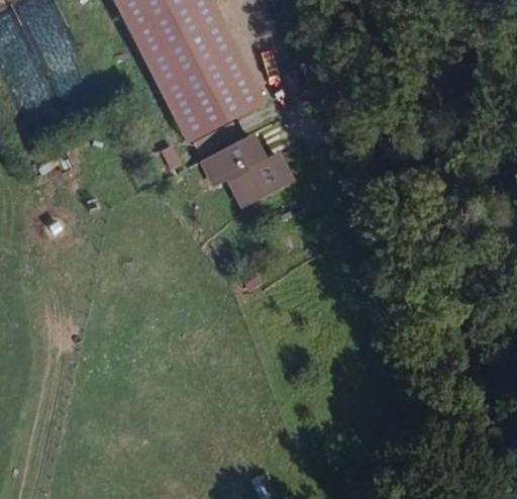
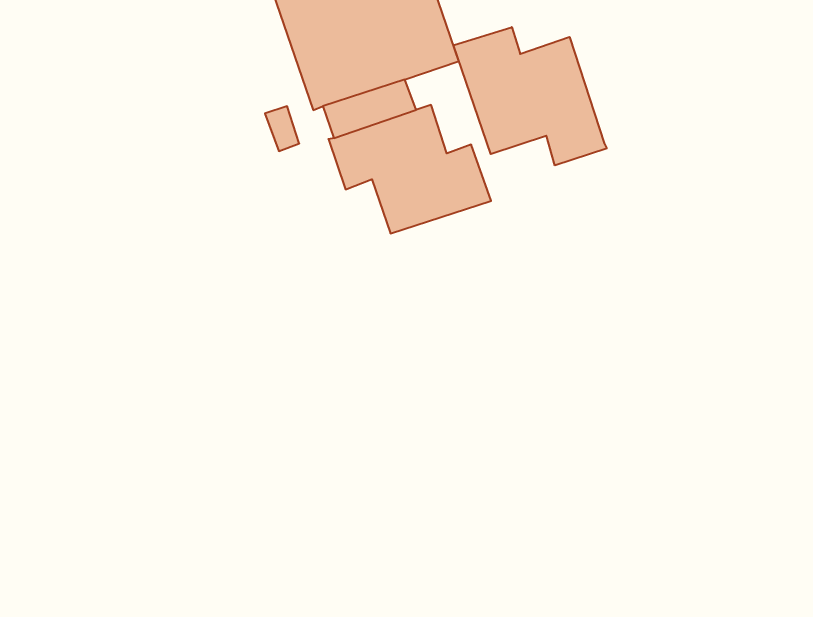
building: none -> [453,27,607,165]

